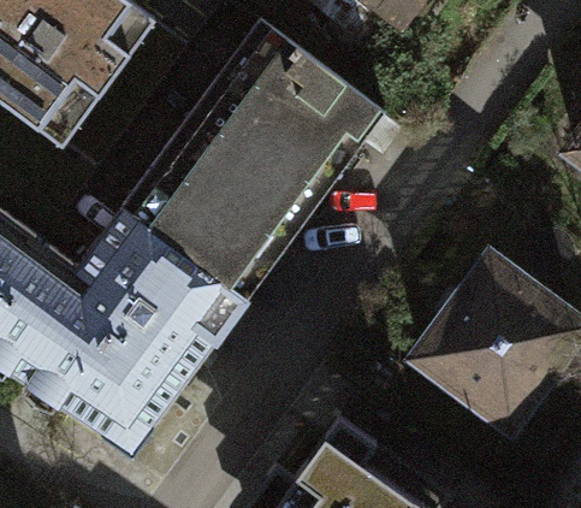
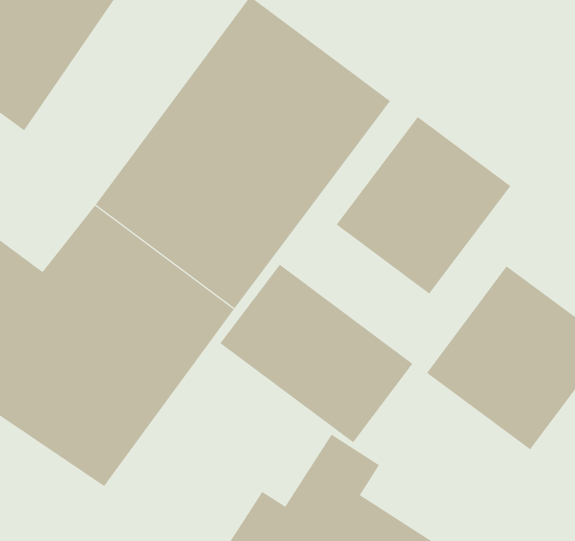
building: none -> [336,116,511,295]
building: none -> [220,264,413,443]

